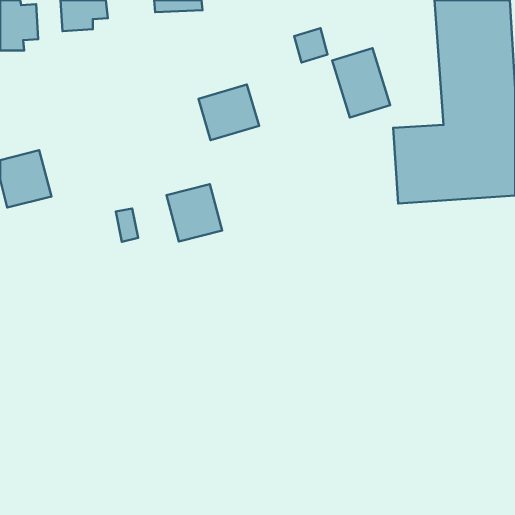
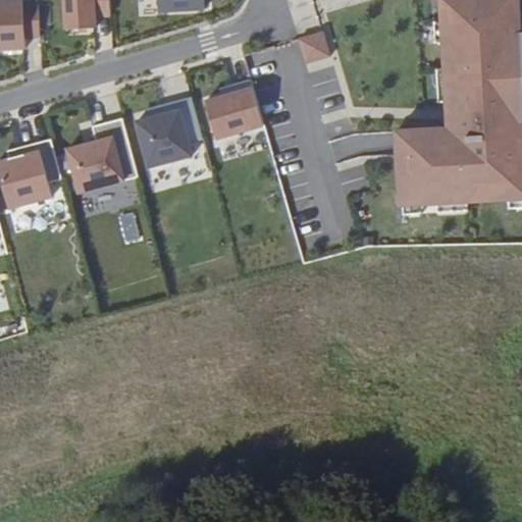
building: [332,48,390,118] -> none
building: none -> [63,132,120,190]
building: [167,184,222,241] -> [135,109,191,167]

